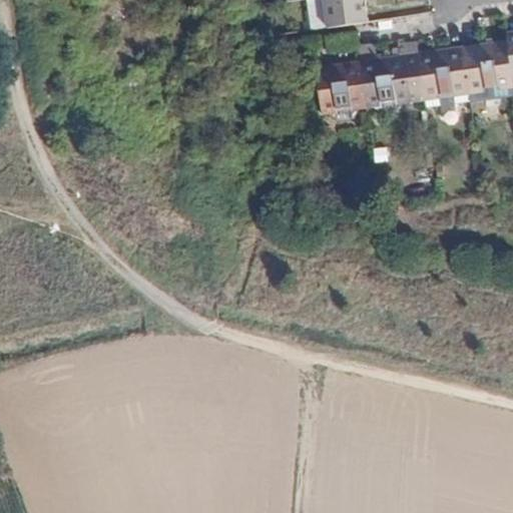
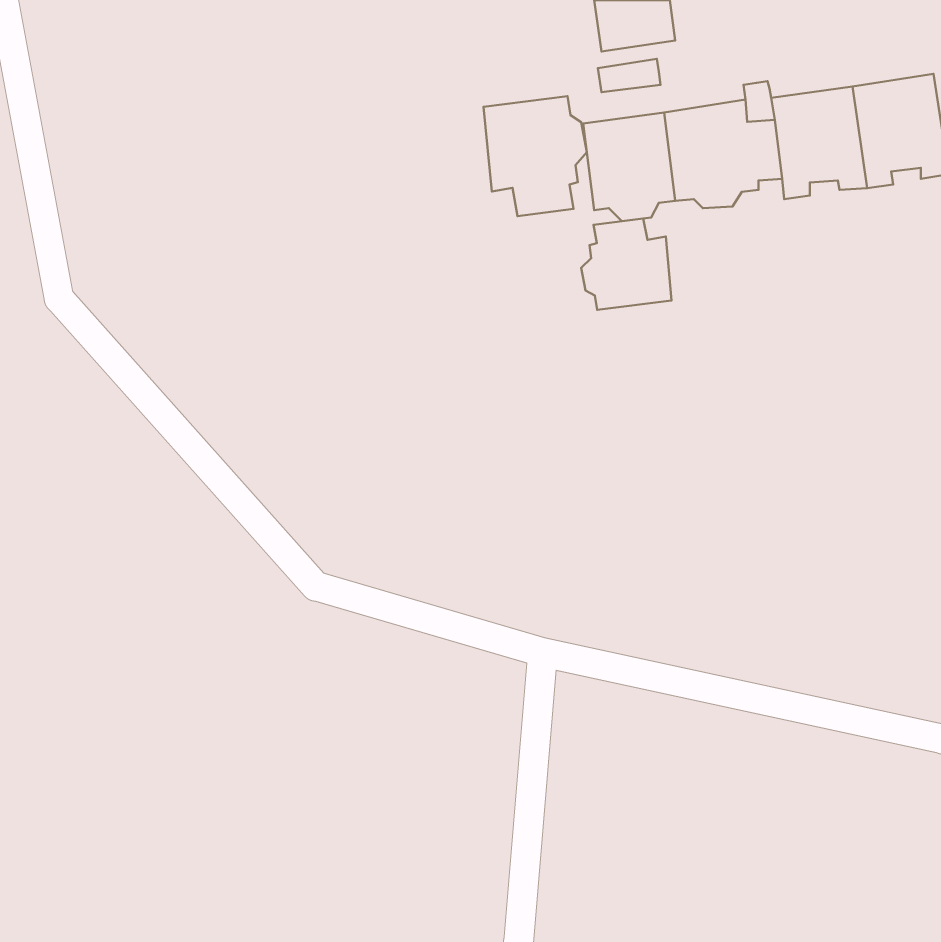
building: none -> [484,96,587,216]
building: none -> [581,219,672,310]

